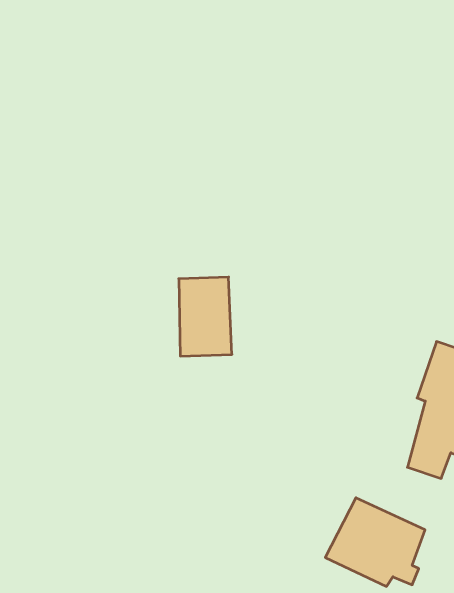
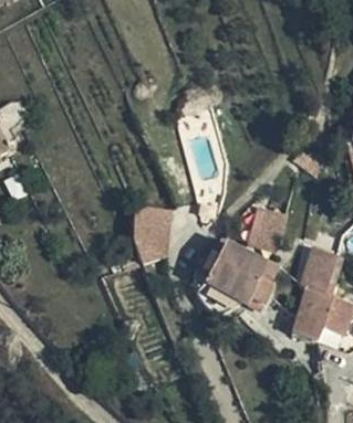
building: [325,498,425,586] -> [203,246,271,307]

